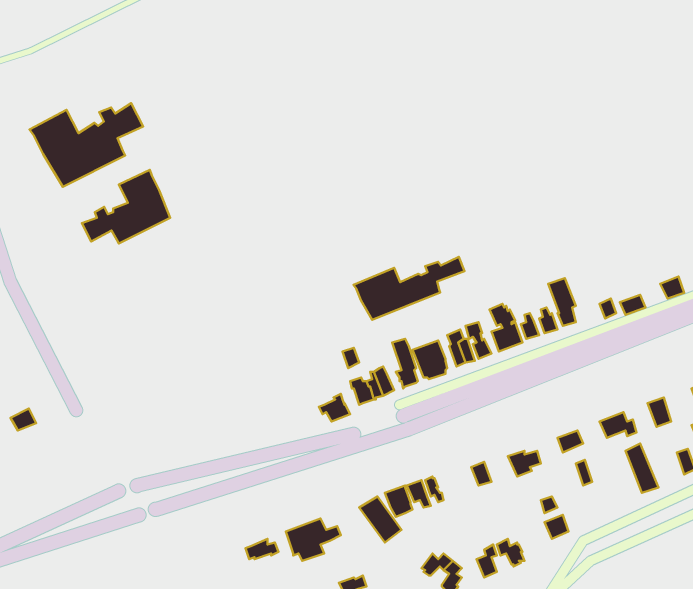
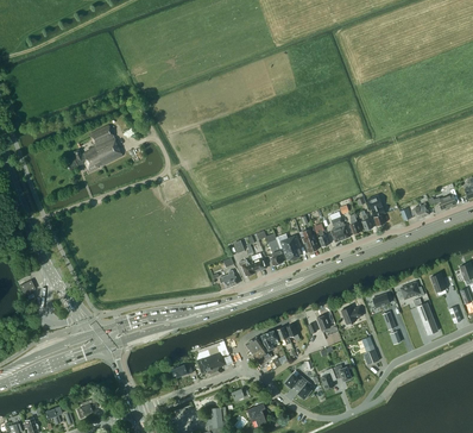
building: [30,103,143,187] -> none
building: [354,257,465,320] -> none

